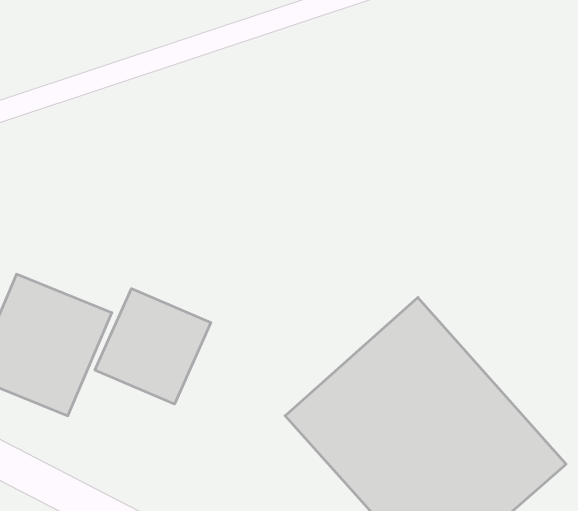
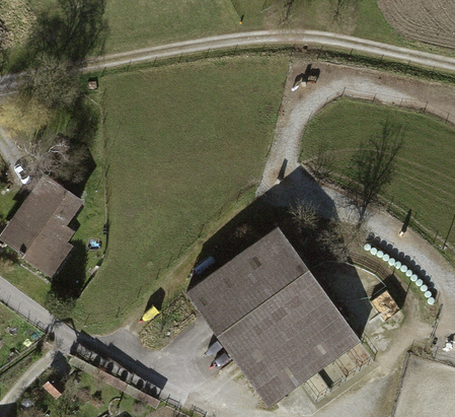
building: [95,289,211,404] -> none

